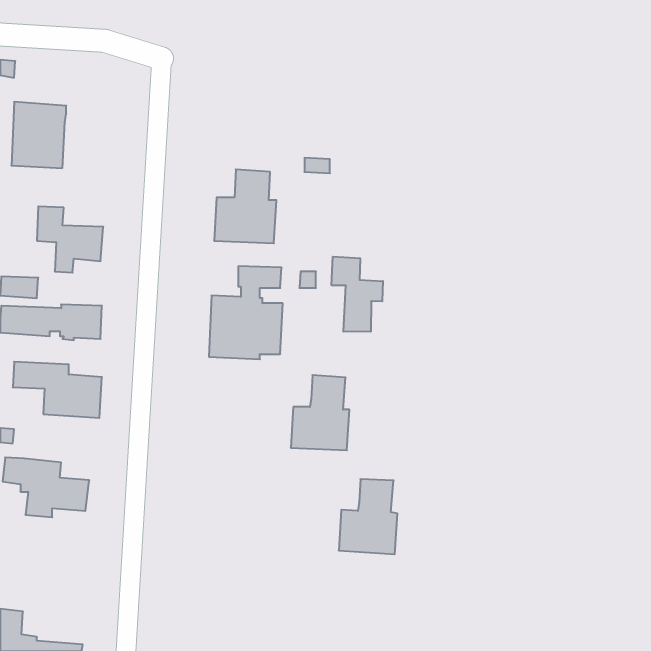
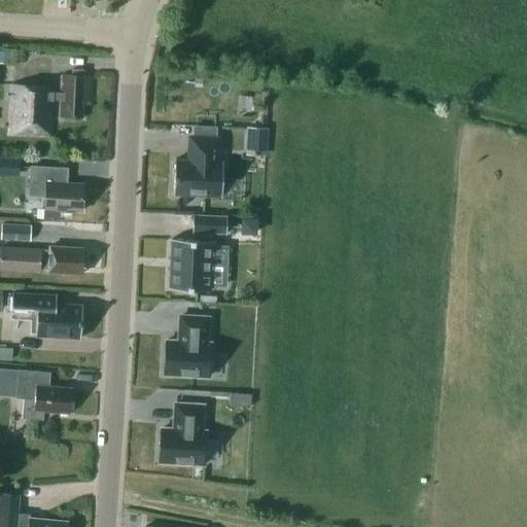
building: none -> [52,74,89,117]
building: [332,257,383,332] -> none
building: [291,375,349,450] -> [164,315,211,376]
building: [339,479,397,554] -> [159,403,206,464]

